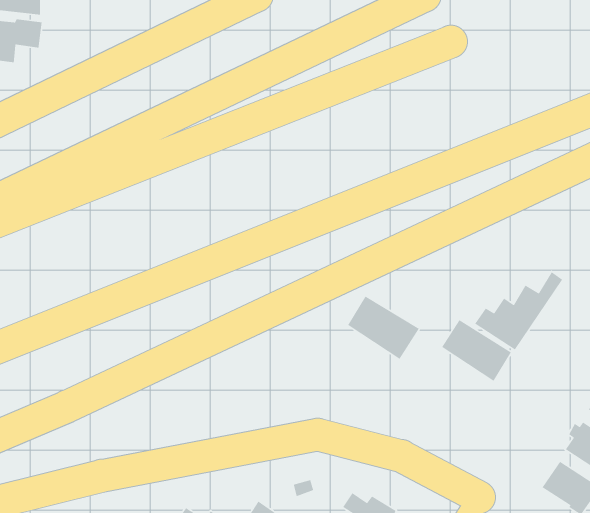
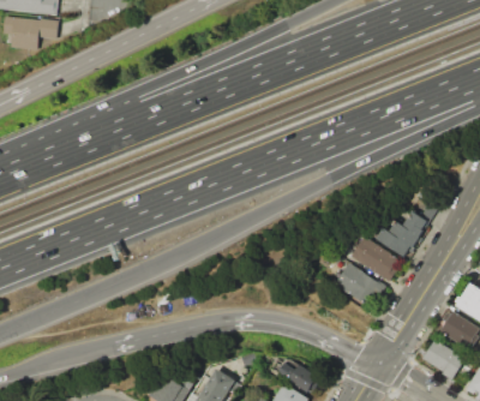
building: [347,295,420,360] -> [334,262,386,309]

